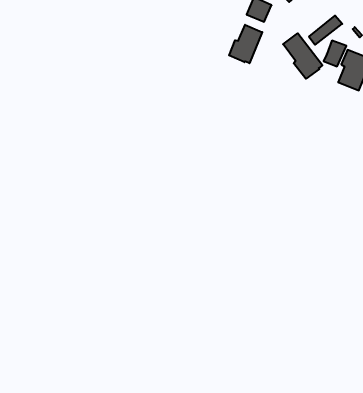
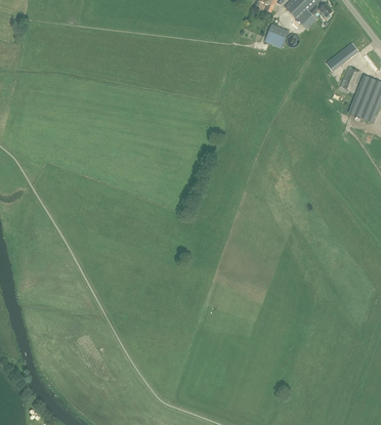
building: [229,25,262,63] -> none
building: [283,33,322,79] -> none

